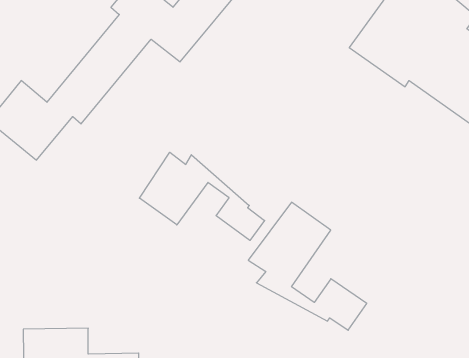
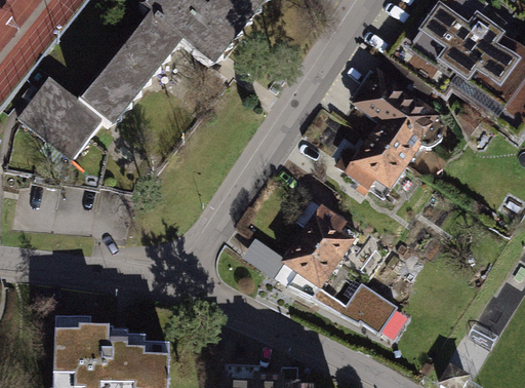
building: none -> [347,73,440,195]
building: [139,152,265,240] -> none

